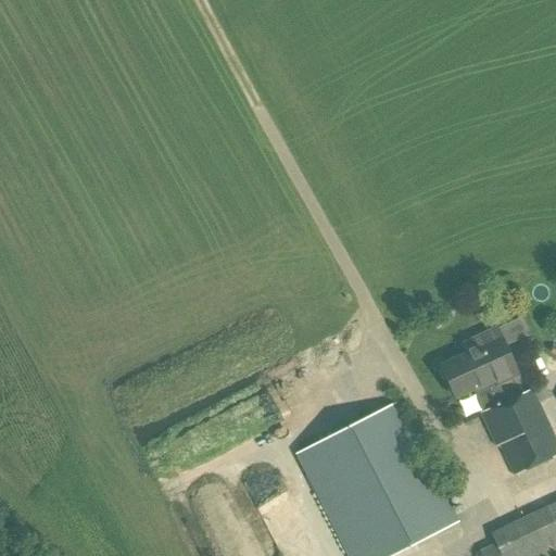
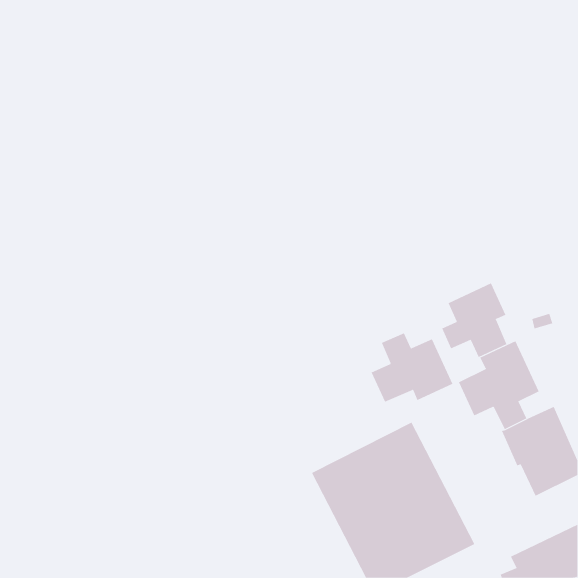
building: none -> [442,283,507,358]
building: none -> [371,333,453,403]

